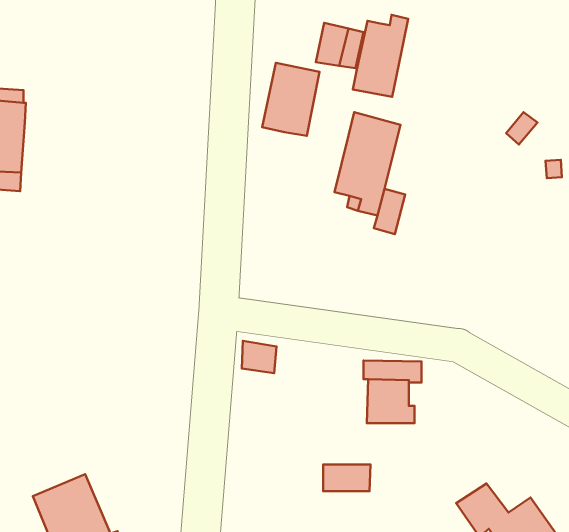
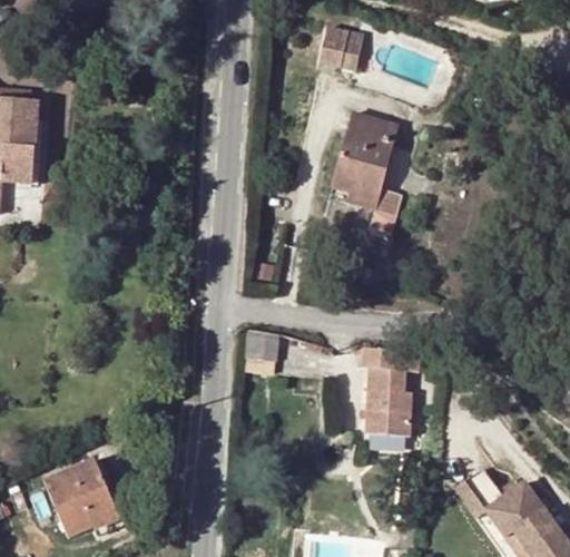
building: [353,15,408,97] -> none
building: [262,63,319,136] -> none
building: [323,464,371,491] -> [366,410,412,436]

